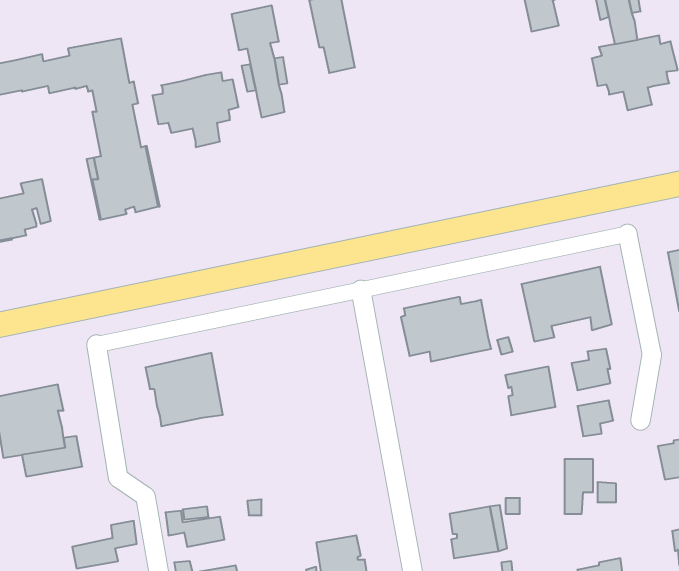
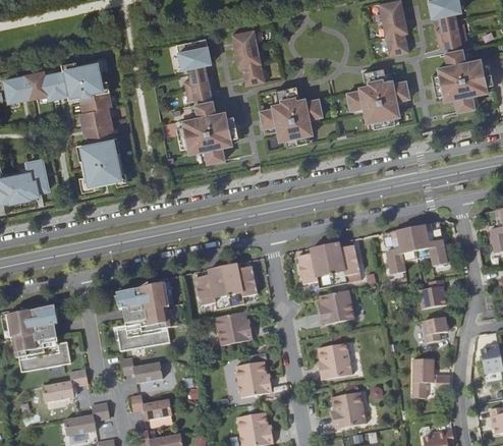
building: none -> [346,69,409,128]
building: [152,72,239,147] -> [176,110,237,163]
building: none -> [260,87,322,147]
building: none -> [194,262,257,310]
building: [505,367,556,415] -> [318,290,353,325]
building: none -> [215,312,253,346]
building: none -> [116,328,159,351]
building: none -> [317,343,351,380]
building: none -> [120,357,162,383]
building: none -> [234,361,271,397]
building: none -> [41,370,88,402]

